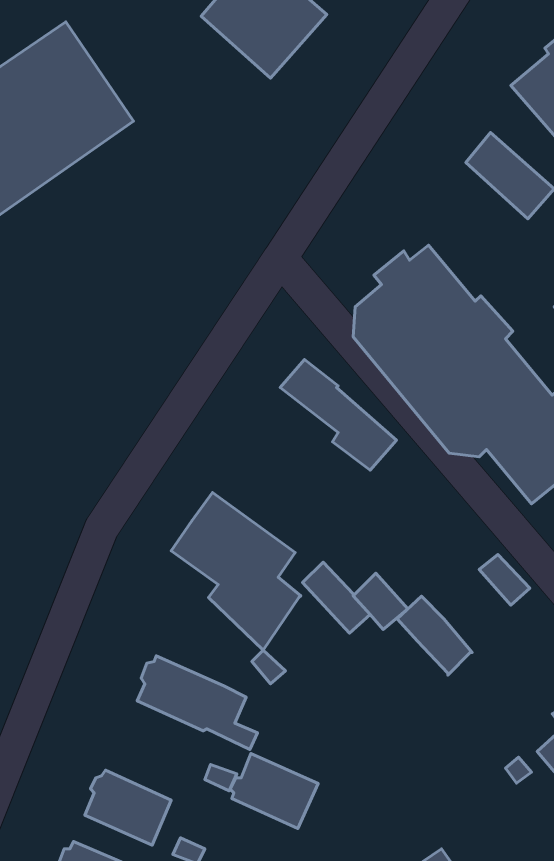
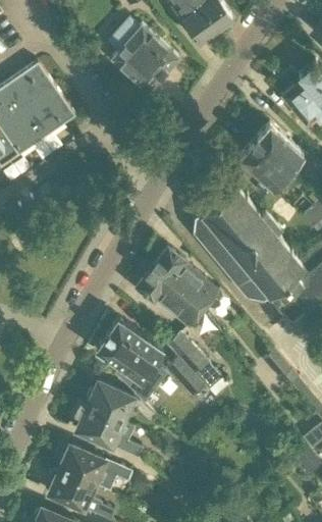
building: none -> [239,139,289,188]
building: none -> [135,261,204,326]
building: [397,596,472,675] -> [167,331,208,374]
building: none -> [87,382,136,423]
building: [230,754,318,829] -> [59,445,107,485]

